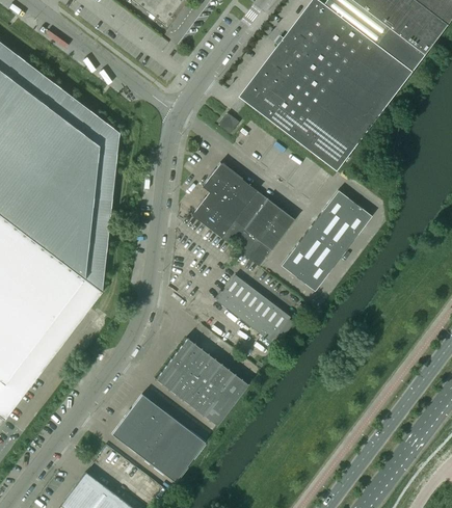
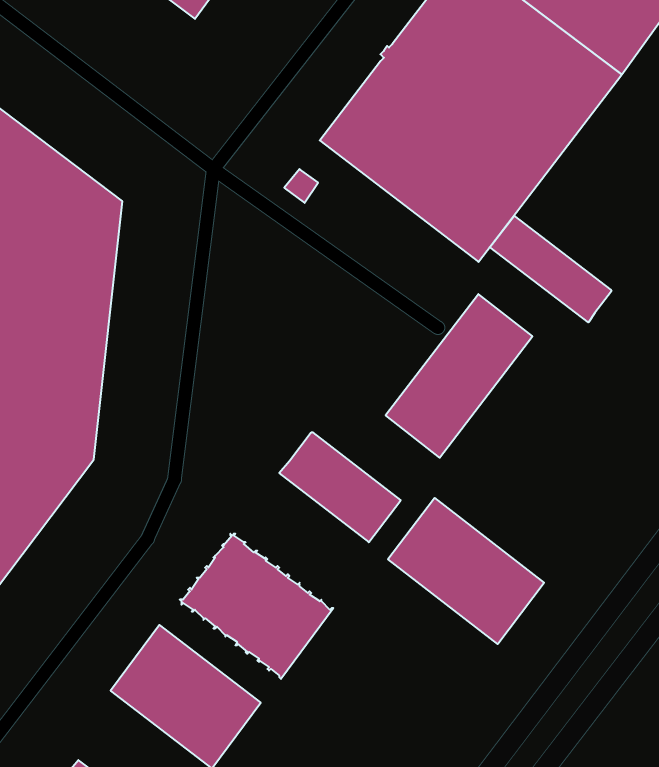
building: none -> [490,216,611,322]
building: [190,163,294,267] -> none
building: none -> [388,498,544,644]

